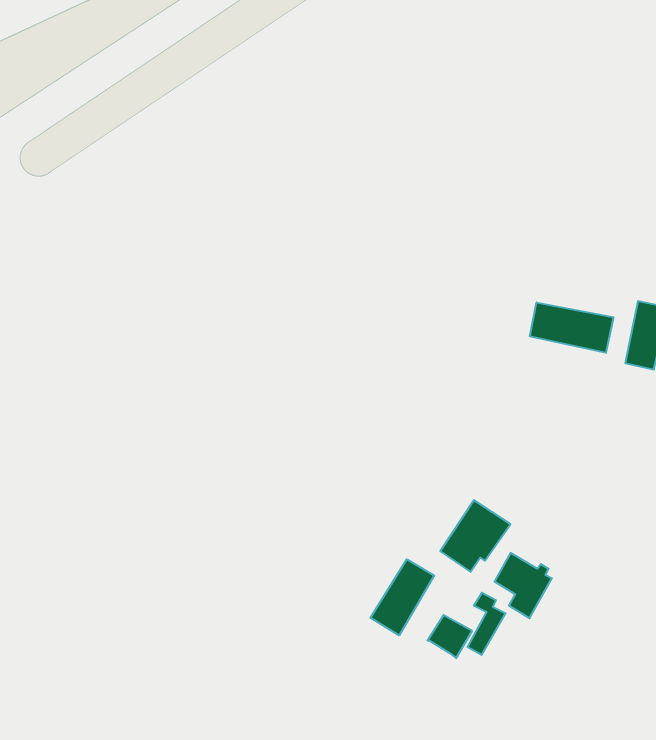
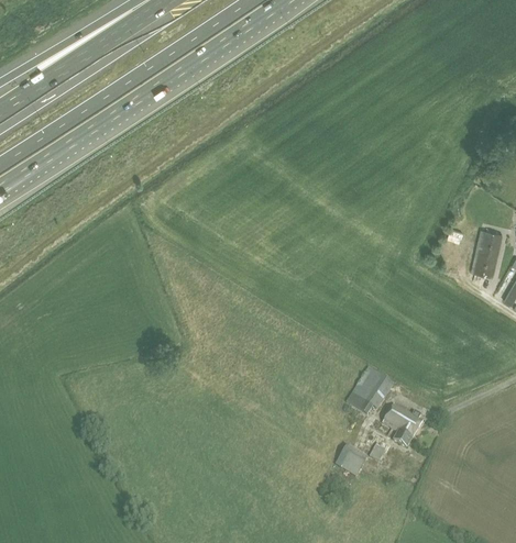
building: [530,302,613,353] -> none
building: [370,559,434,635] -> none

